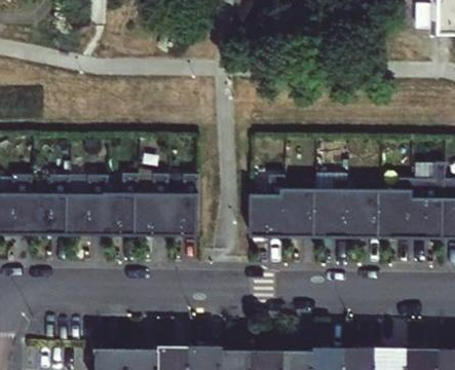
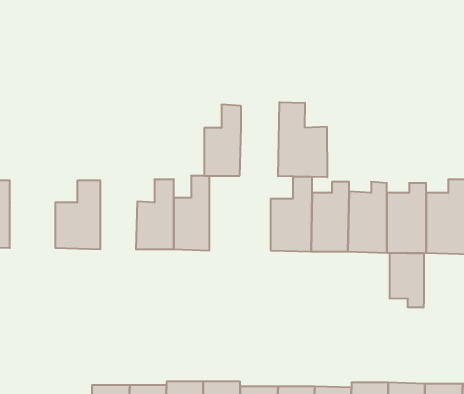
building: none -> [278,102,327,177]
building: [106,175,137,234] -> [204,105,241,176]
building: [30,177,68,233] -> none
building: none -> [390,253,424,308]

